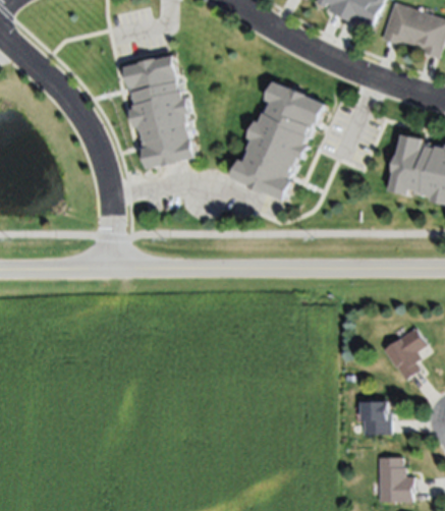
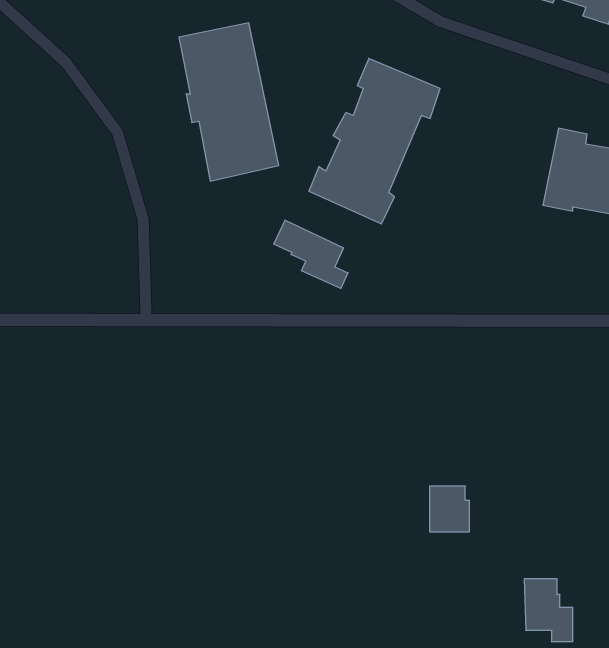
building: none -> [274,220,348,289]
building: [385,327,427,379] -> none
building: [363,400,391,433] -> [430,486,469,532]

